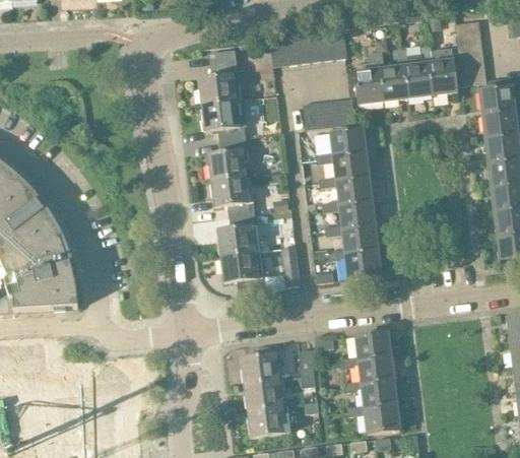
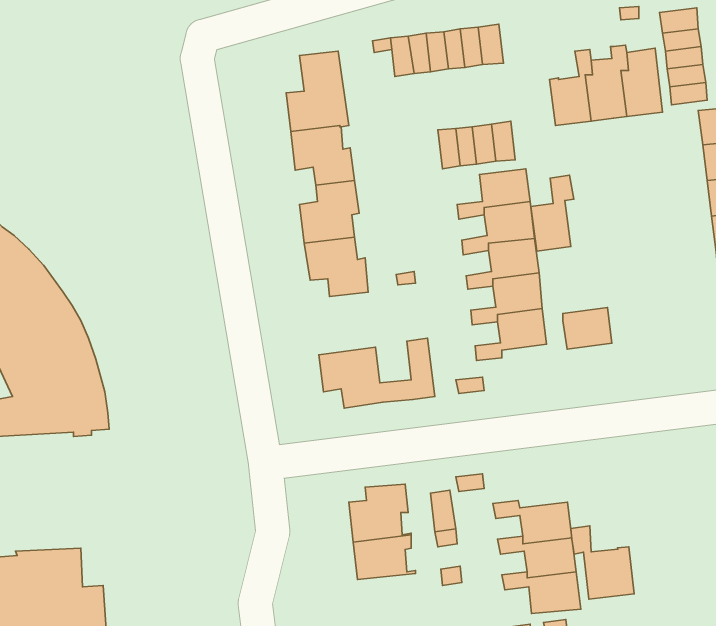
building: [355,51,385,103] -> [531,175,574,251]
building: [217,213,260,256] -> none
building: [346,249,380,277] -> [563,307,612,349]
building: [355,331,391,361] -> none
building: none -> [571,526,634,599]
building: [248,405,290,436] -> none

